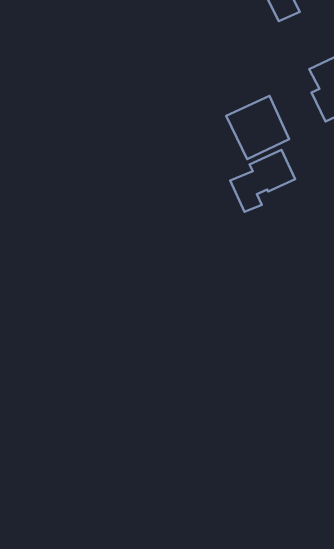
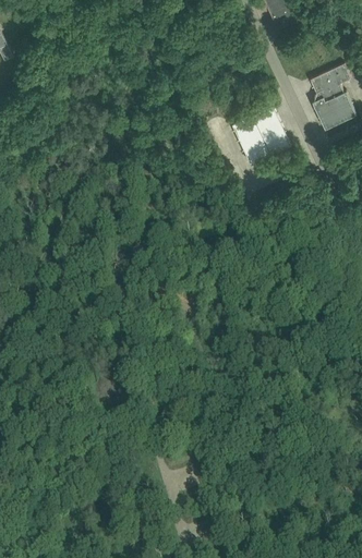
building: [230,150,295,212] -> none

